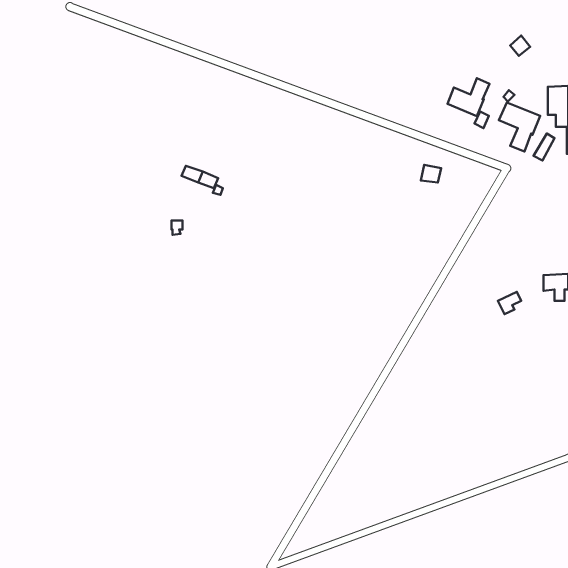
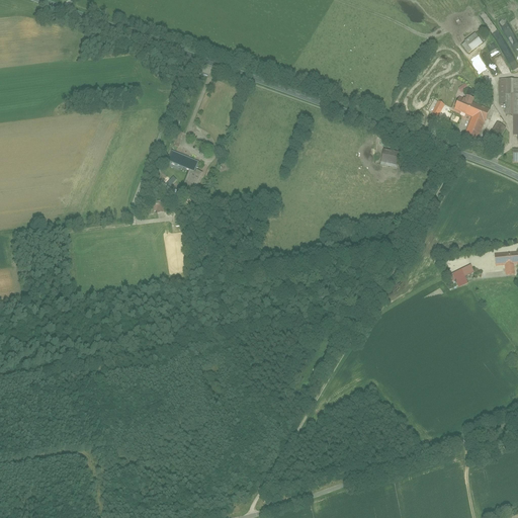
building: [448,78,489,116] -> none

